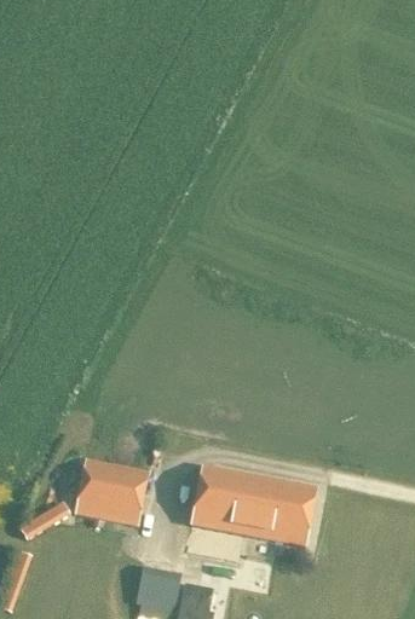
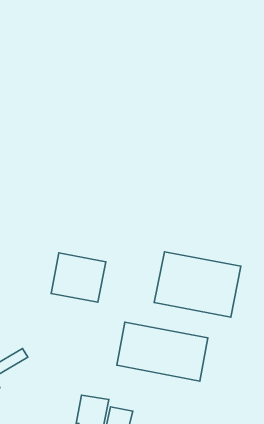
building: none -> [154,252,241,317]
building: [73,458,148,526] -> [51,253,106,302]

